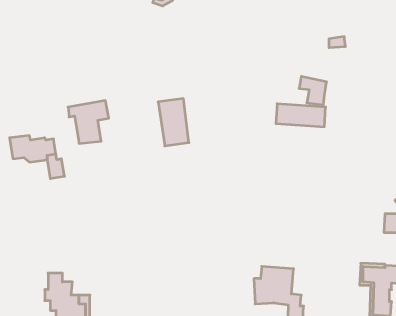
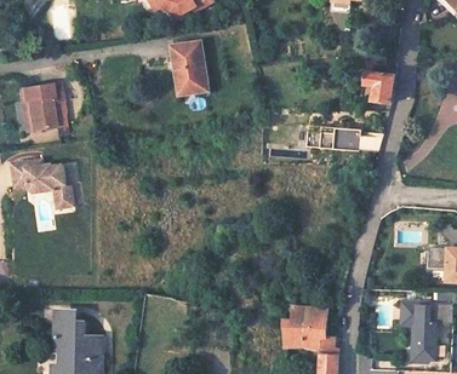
building: [299,76,327,105] -> [364,70,394,102]
building: [158,99,189,146] -> [171,41,205,93]
building: [68,101,109,143] -> [16,82,61,130]

